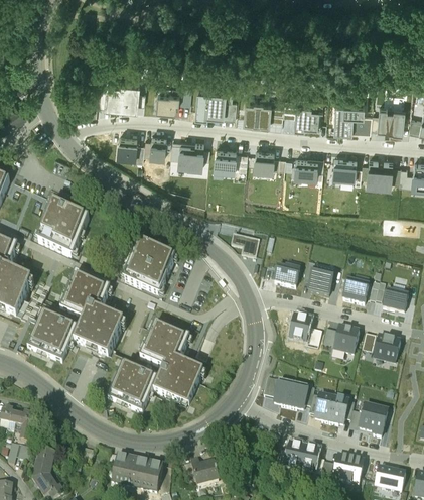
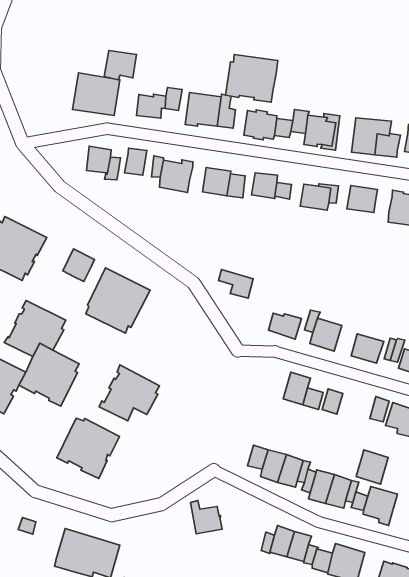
building: none -> [225,55,278,102]
building: none -> [104,51,137,80]
building: none -> [63,249,94,281]
building: [333,325,359,352] -> [356,450,388,484]
building: [152,350,200,399] -> none
building: [191,455,219,482] -> [190,501,222,534]

